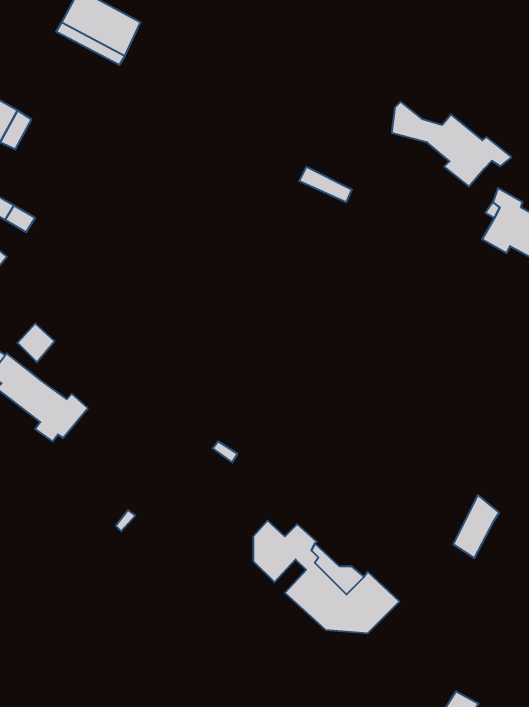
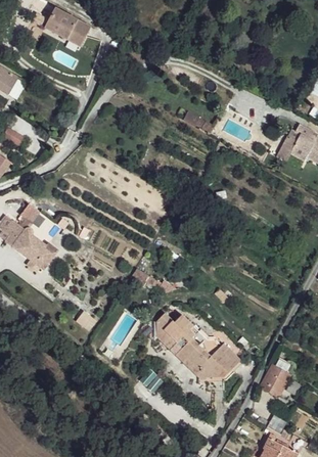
building: [392,102,511,187] -> none
building: [453,495,499,558] -> [263,356,289,393]

